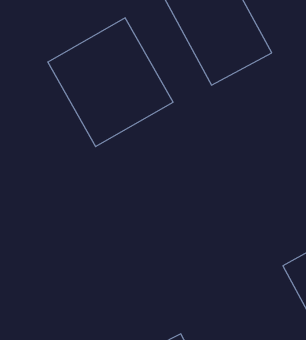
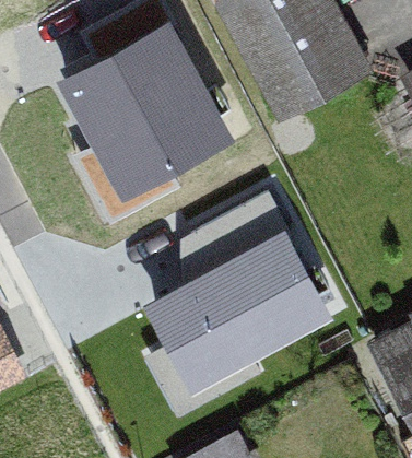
building: none -> [153,231,328,381]

